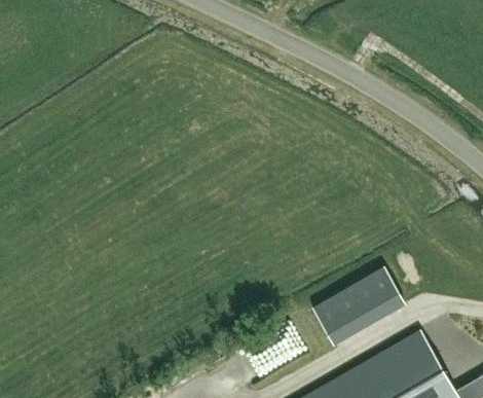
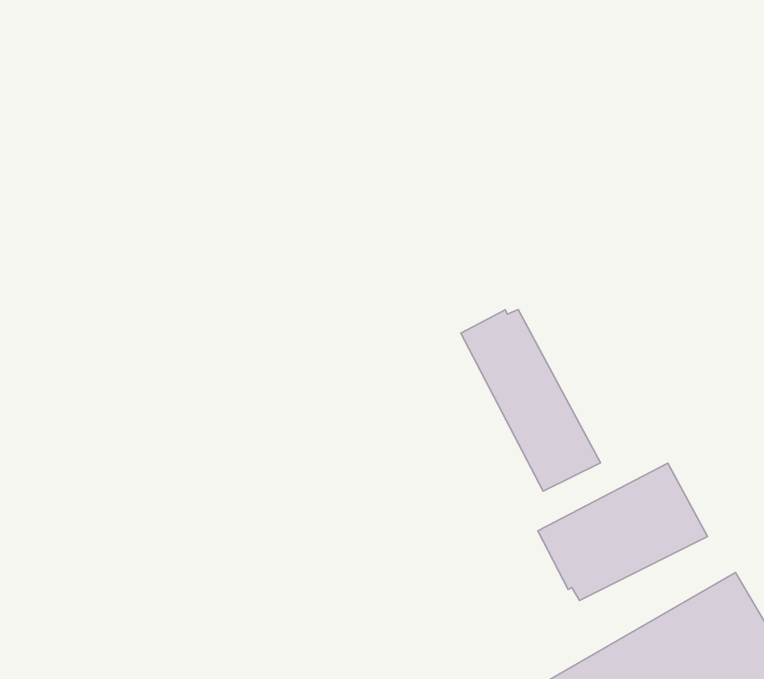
building: none -> [461,310,600,491]

